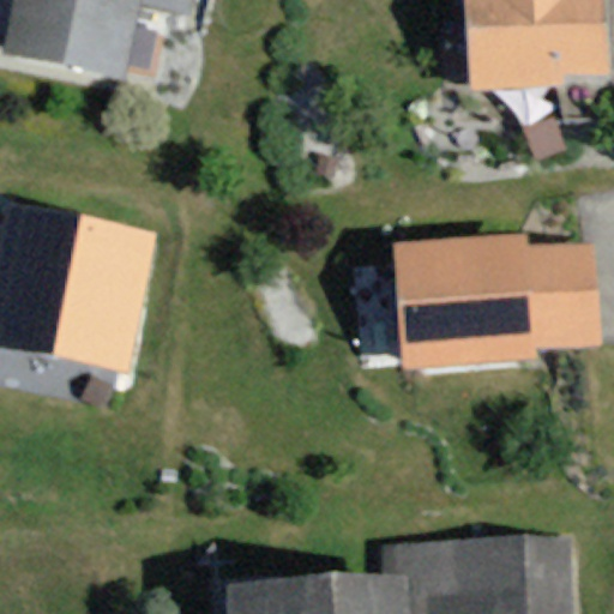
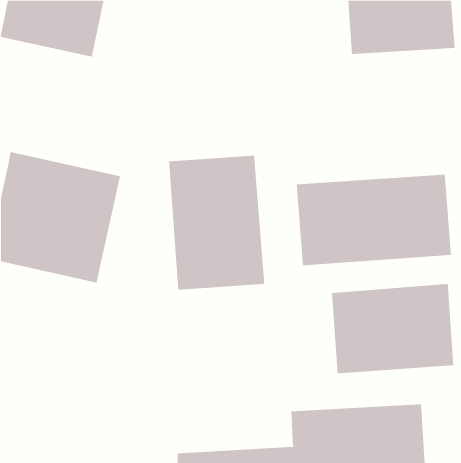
building: none -> [169,155,265,291]
building: none -> [332,283,454,374]

